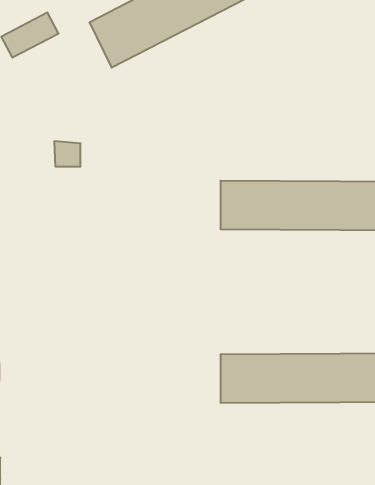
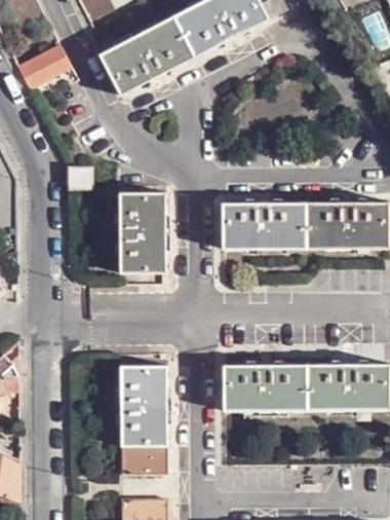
building: none -> [119,192,165,272]
building: none -> [119,365,166,474]

